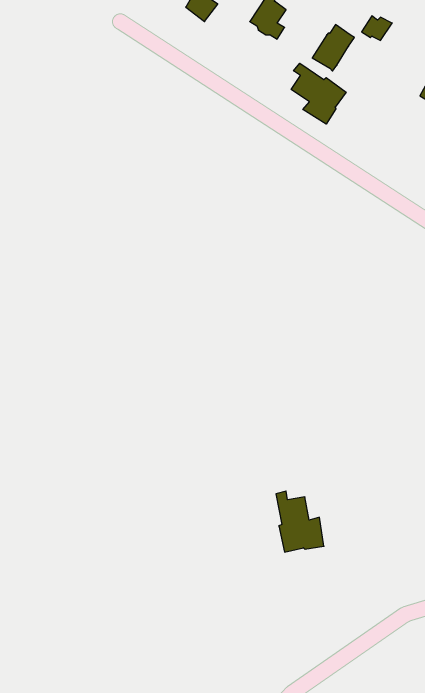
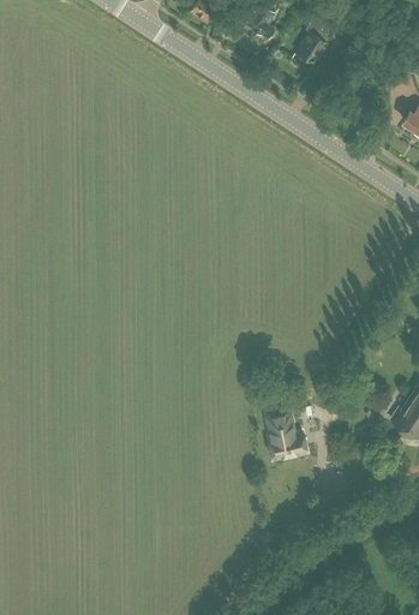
building: [291,63,346,124] -> none

